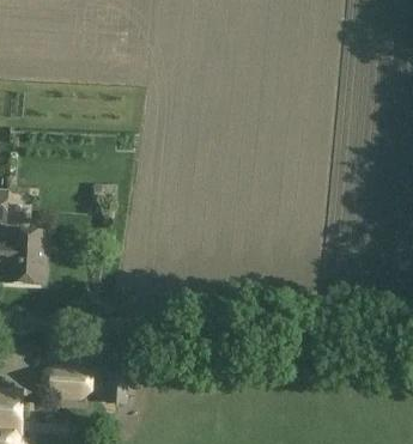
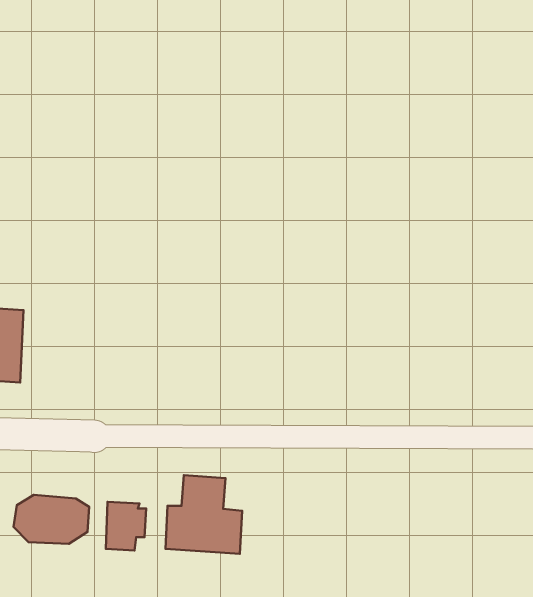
building: none -> [165,475,242,554]

